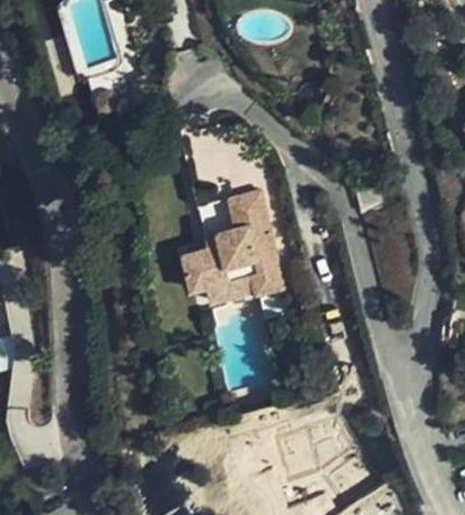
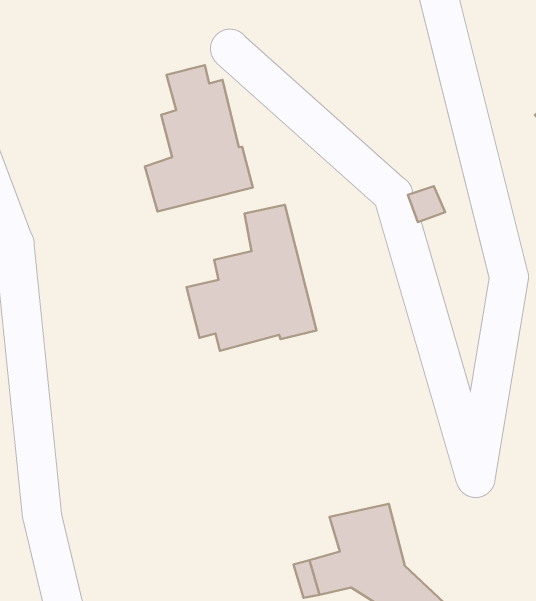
building: none -> [145,65,253,212]

